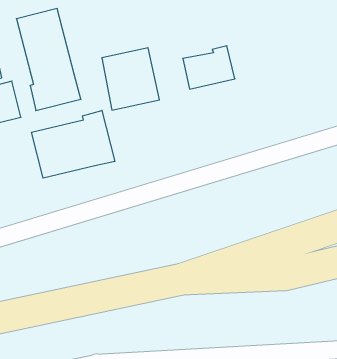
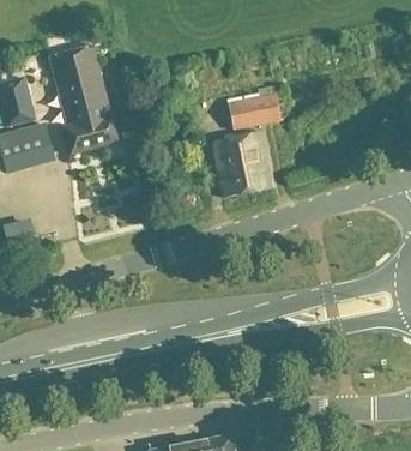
building: [102,48,159,110] -> [212,131,273,197]
building: [32,110,115,178] -> none

